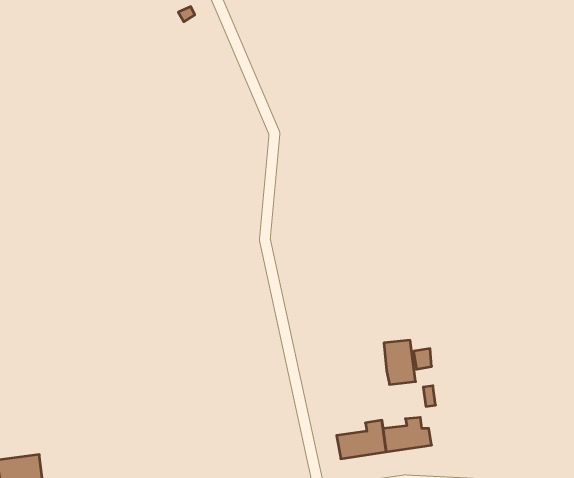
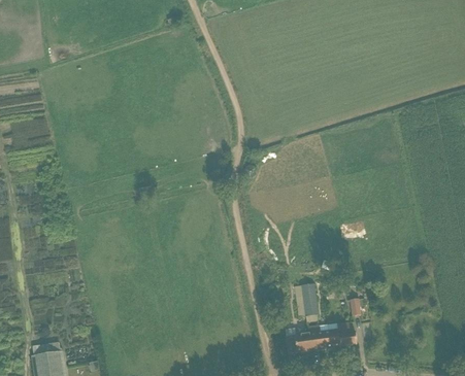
building: [384,340,416,384] -> [294,283,318,316]

